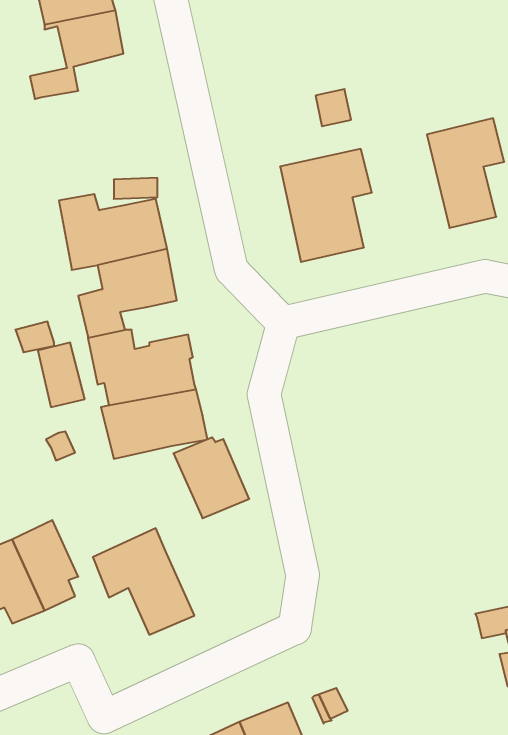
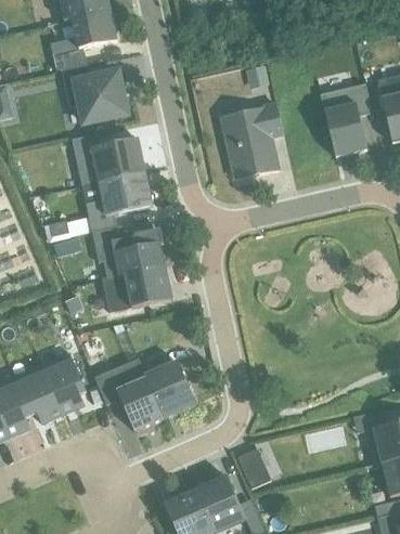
building: none -> [62,65,127,122]
building: [173,437,249,518] -> [145,363,196,417]

